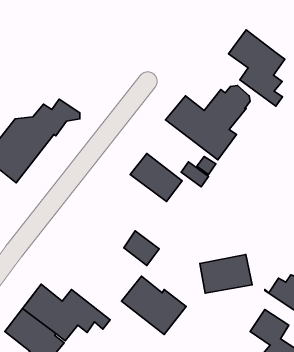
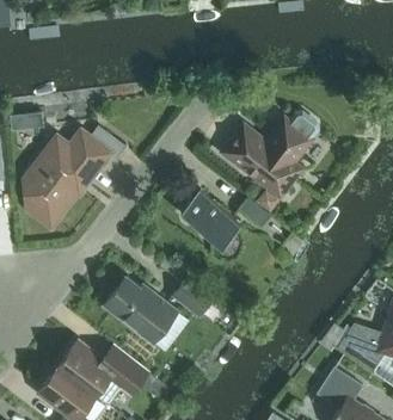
building: [229,30,285,106] -> none
building: [200,255,252,293] -> none
building: [121,276,186,335] -> [104,277,178,344]

